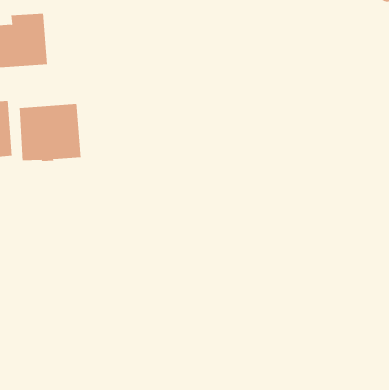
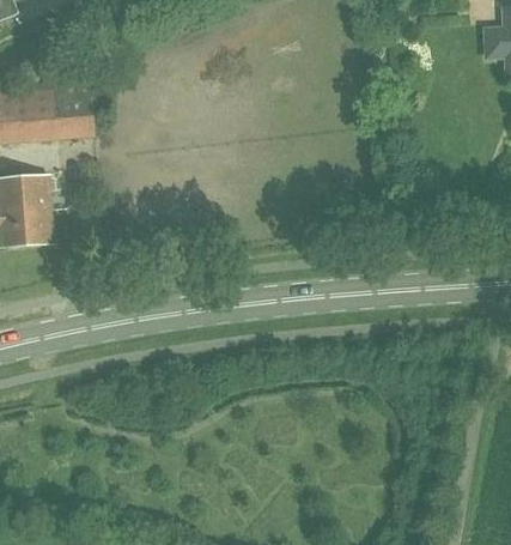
building: [19,103,81,162] -> none

